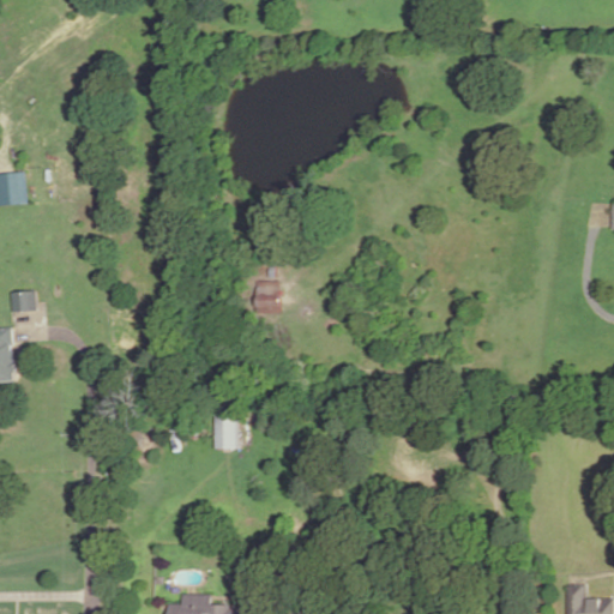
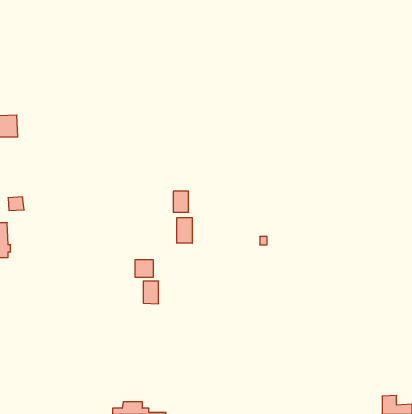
building: none -> [177,218,192,243]
building: none -> [135,260,153,277]

